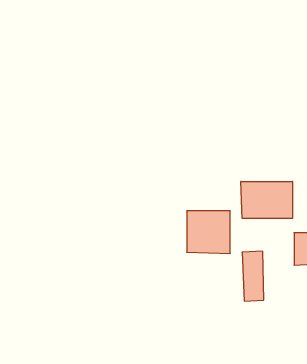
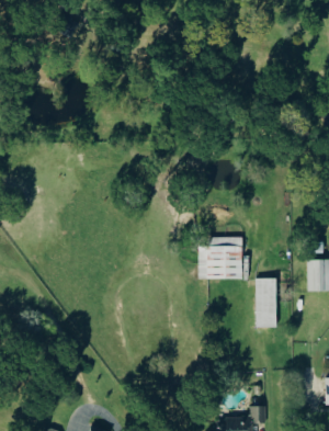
building: [241,181,292,218] -> none

